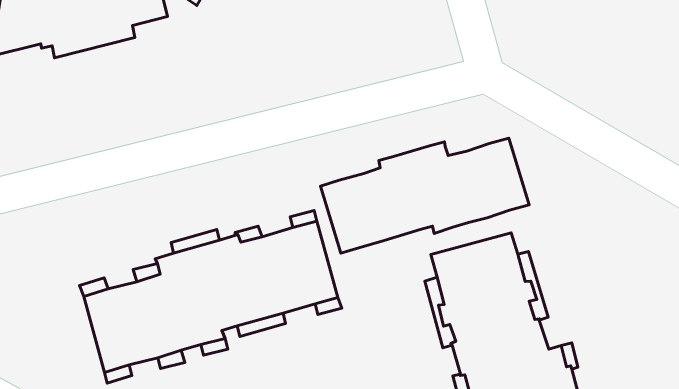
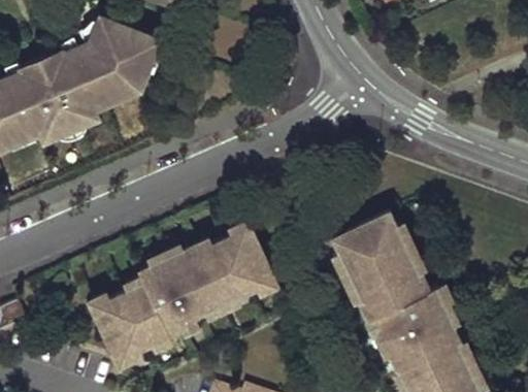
building: [320,138,529,253] -> none

